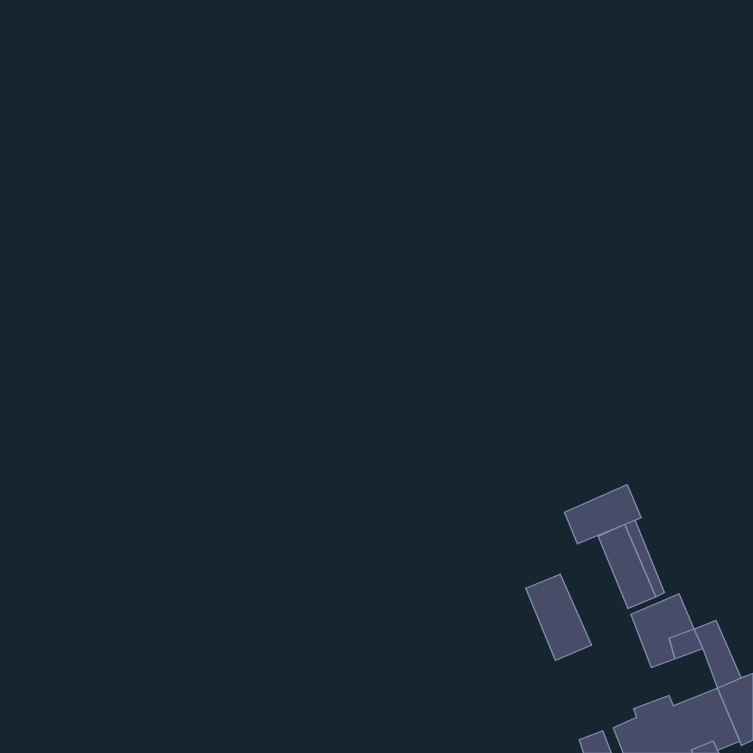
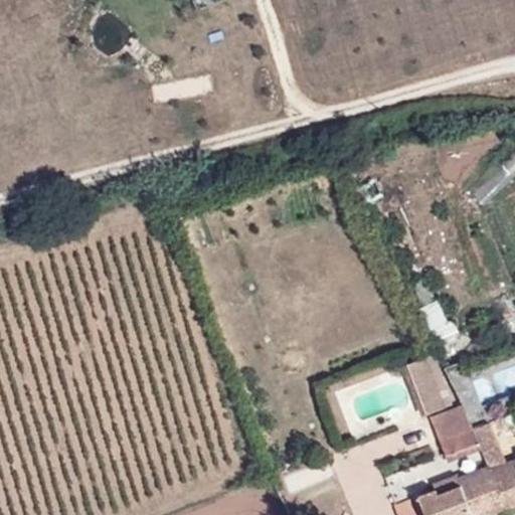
building: [565,485,641,544] -> none
building: [526,574,591,660] -> none

